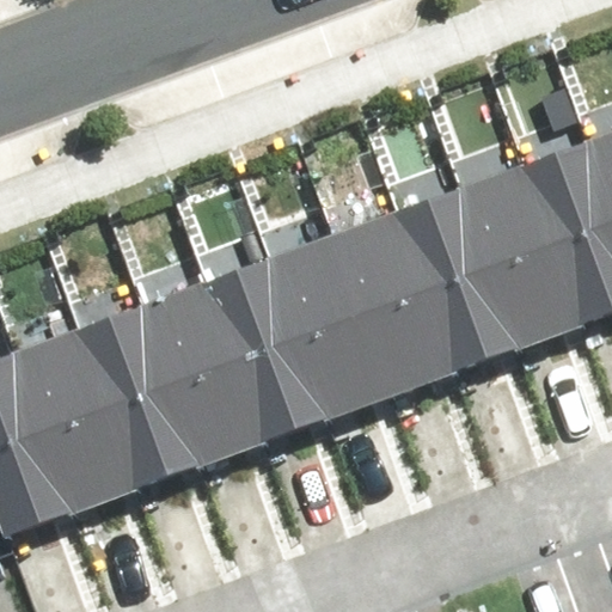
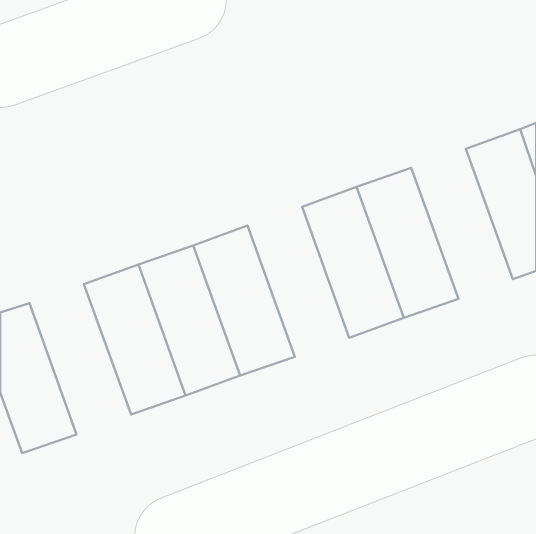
building: [469,172,585,343] -> none
building: [282,238,398,409] -> none
building: [33,326,149,497] -> none

